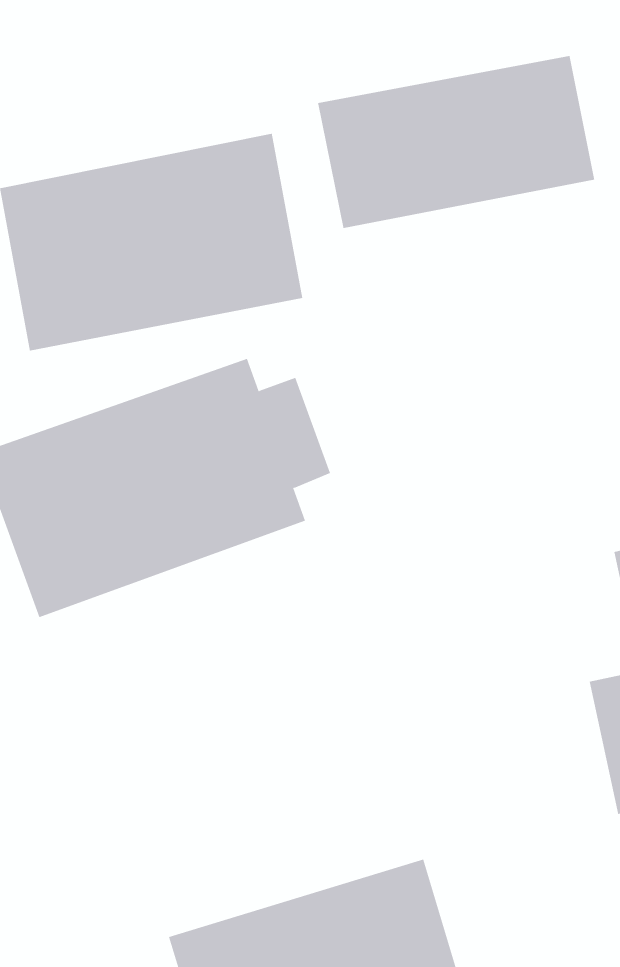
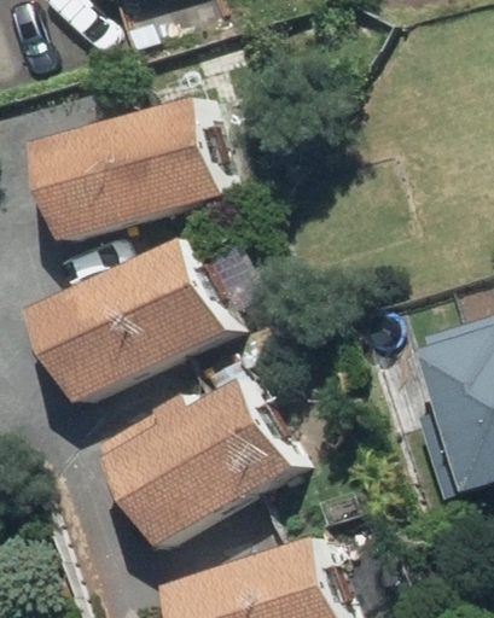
building: [318,55,595,229] -> none
building: none -> [120,371,309,538]

